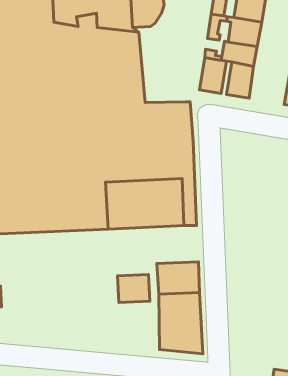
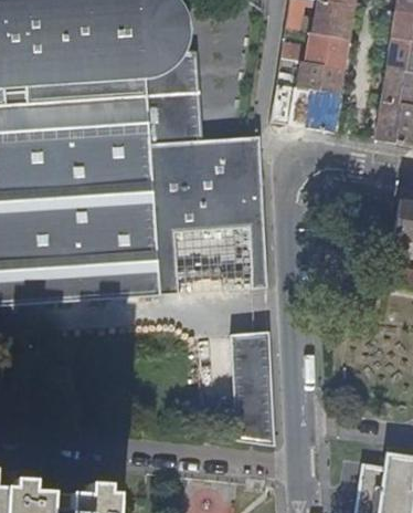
building: [118,274,150,303] -> none

